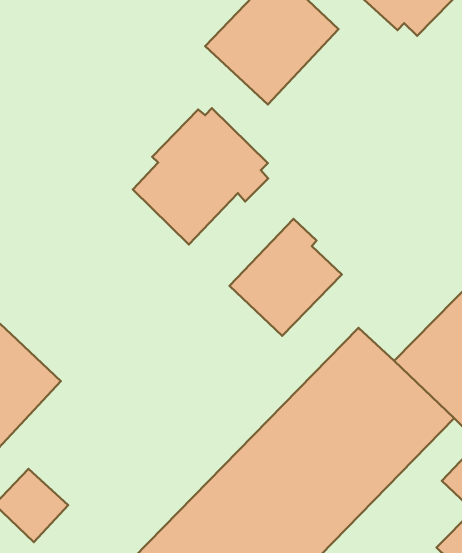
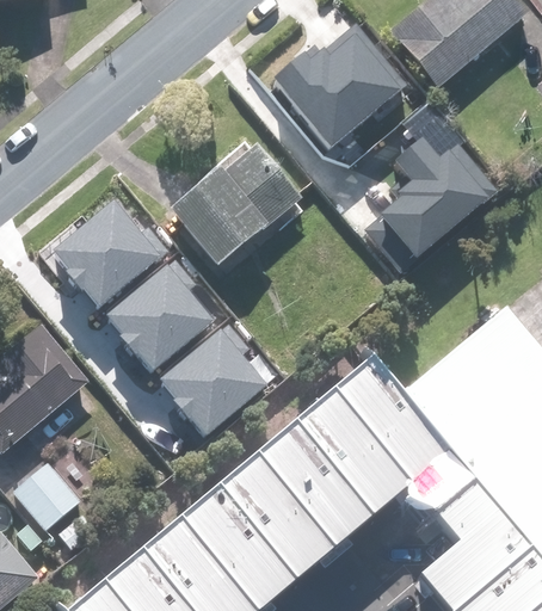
building: none -> [341,132,468,257]
building: none -> [55,200,166,304]
building: [230,219,342,336] -> [161,322,267,431]
building: none -> [110,259,216,366]

